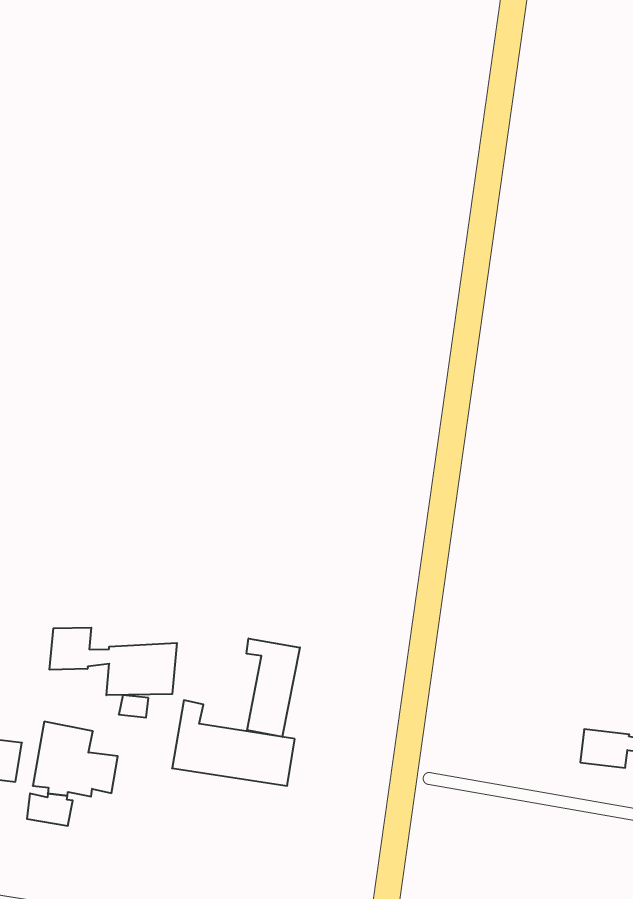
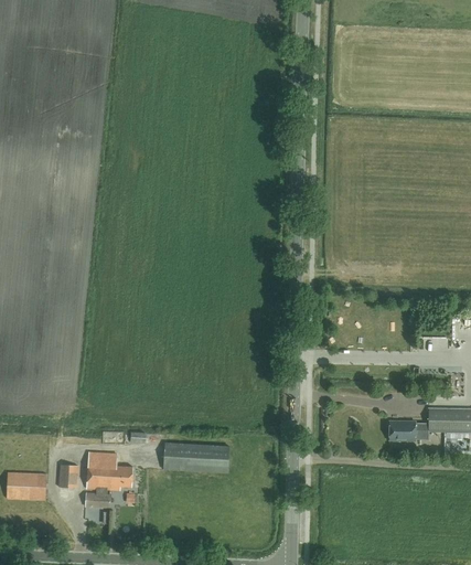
building: [50,628,177,695] -> none
building: [247,638,300,737] -> none

